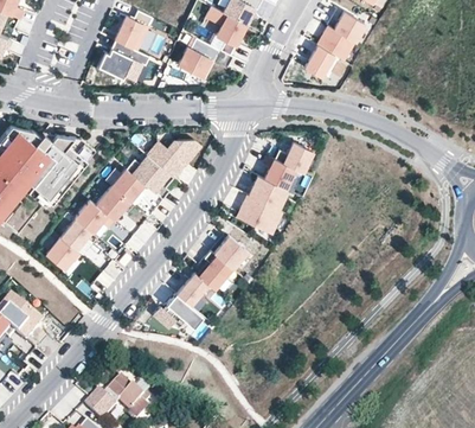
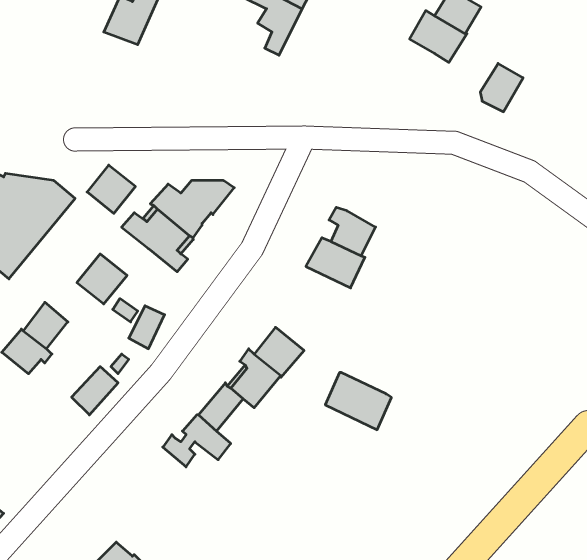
building: [178,38,219,77] -> none
building: [96,40,146,77] -> none
building: [304,45,333,77] -> [480,63,523,112]
building: [275,142,312,173] -> none
building: [111,170,143,202] -> [87,165,135,213]
building: [237,196,281,234] -> [325,373,391,430]
building: [75,202,114,234] -> none

